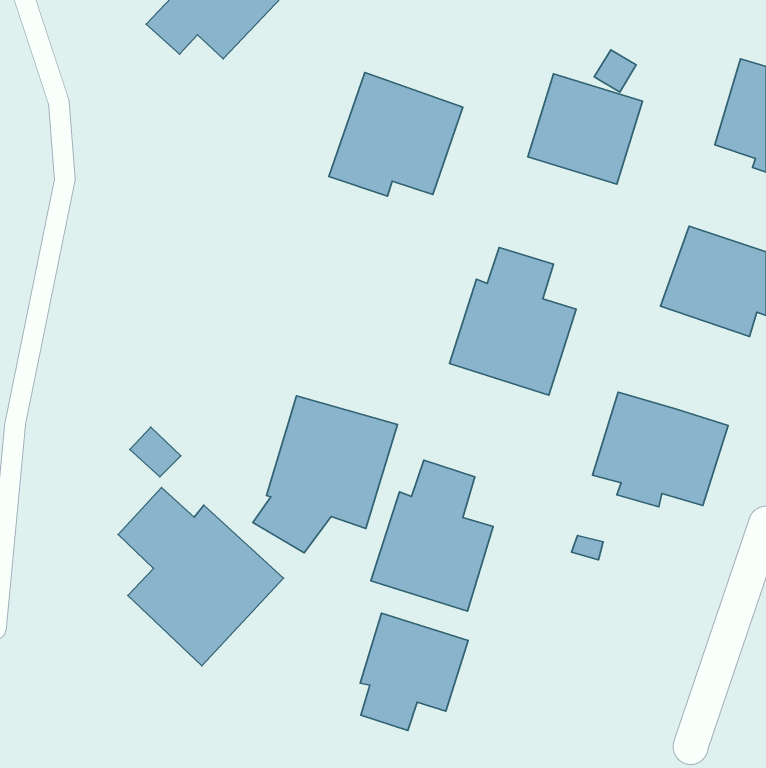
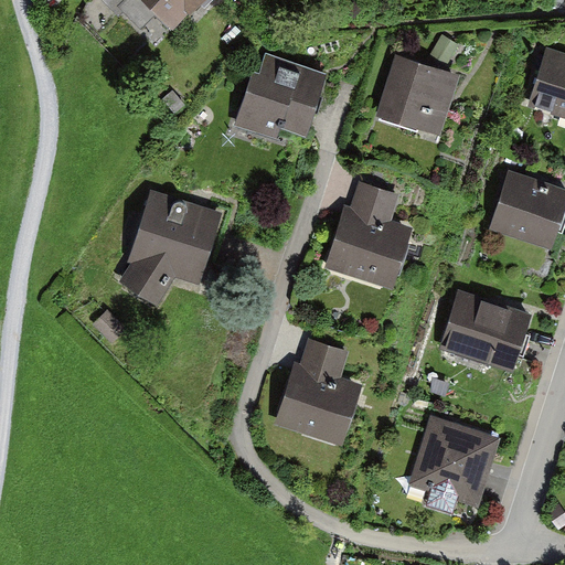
building: [253,396,398,553] -> [116,189,222,303]
building: [118,488,283,666] -> none
building: none -> [406,414,497,514]
building: [360,613,468,731] -> none

